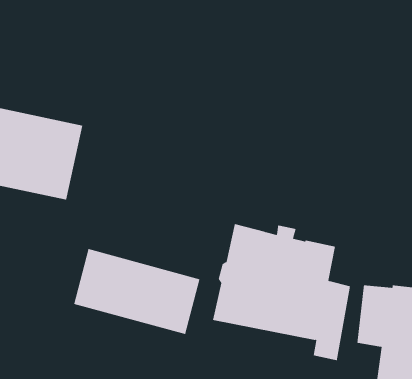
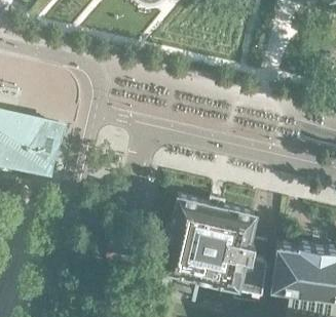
building: [73,248,200,335] -> none

